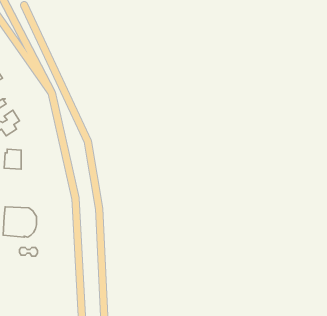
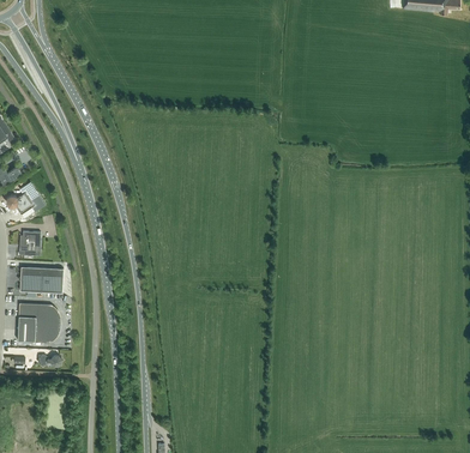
building: none -> [19,266,62,292]

